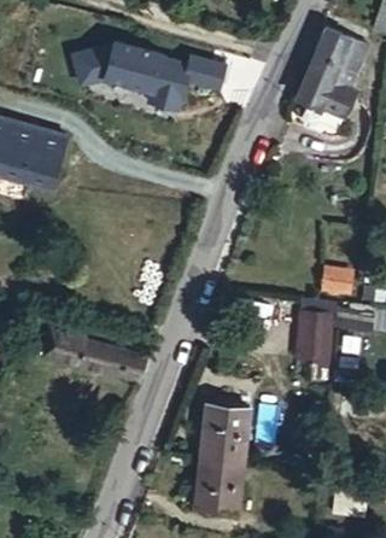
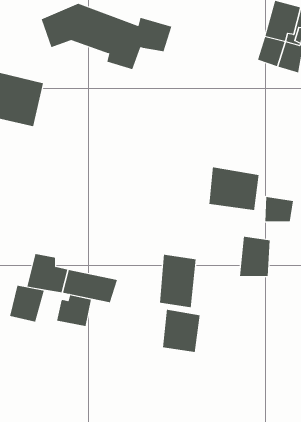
building: none -> [209,167,259,211]
building: none -> [10,285,44,322]
building: none -> [57,294,91,327]
building: [197,445,241,509] -> [159,254,197,308]

